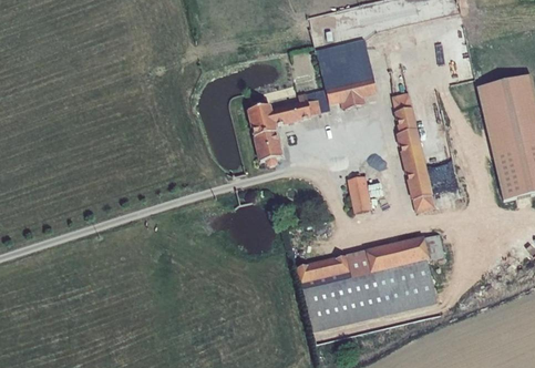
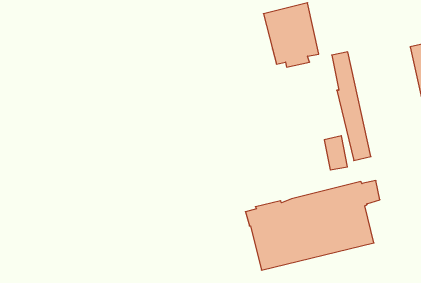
building: [247,89,331,165] -> none
building: [347,175,372,213] -> [324,136,347,170]

